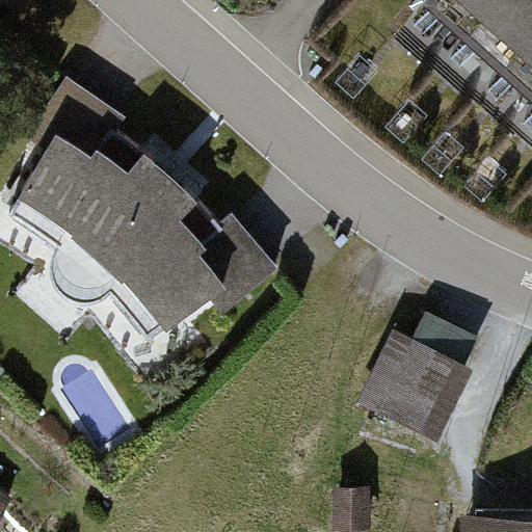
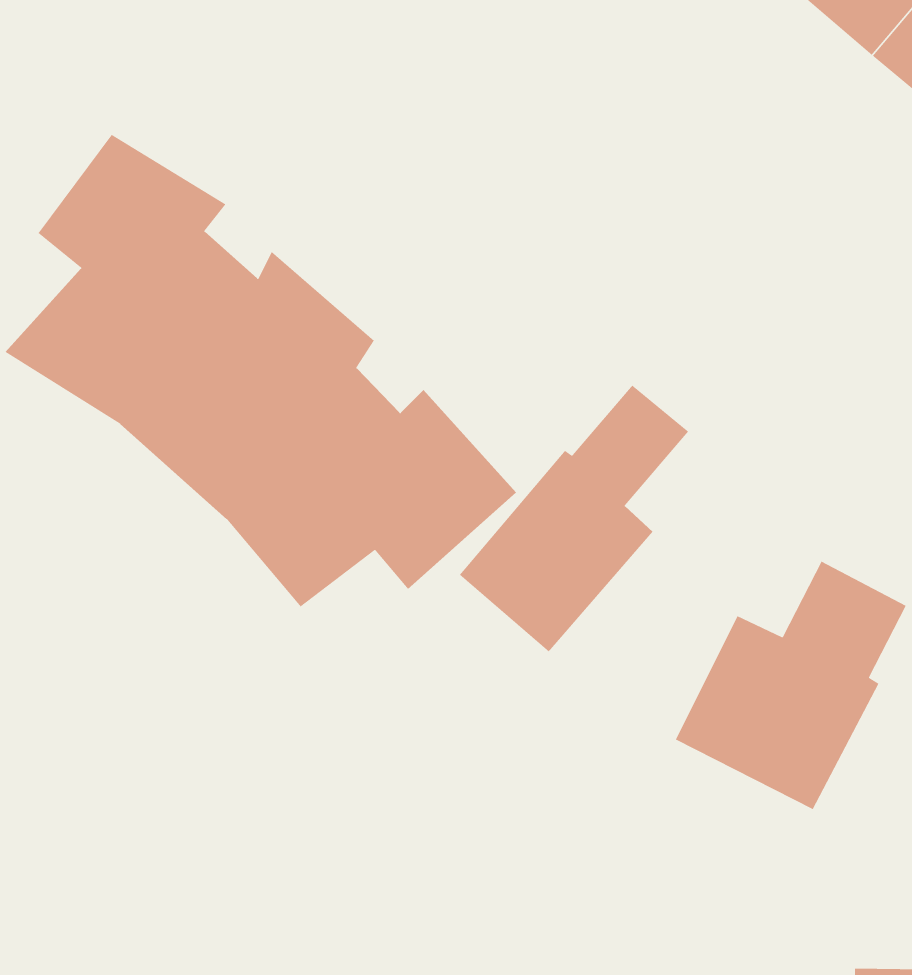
building: none -> [459,384,689,652]

